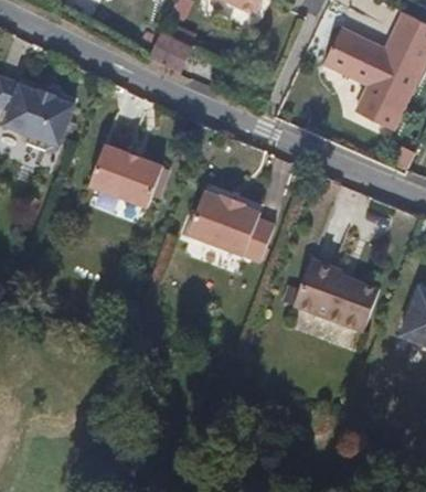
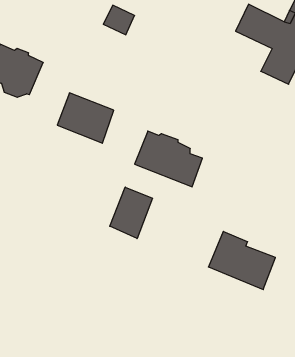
building: [297,259,382,333] -> [208,231,275,290]
building: none -> [110,187,152,239]

